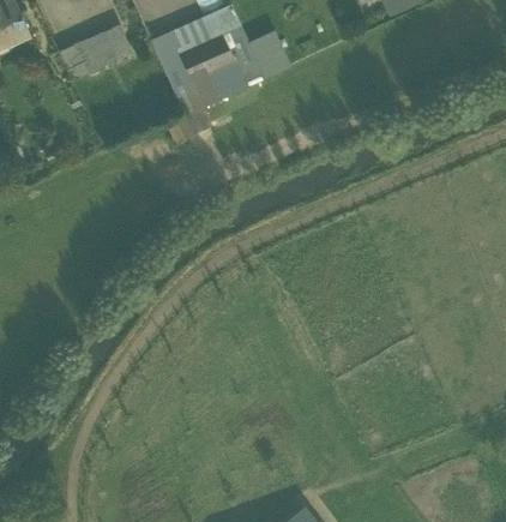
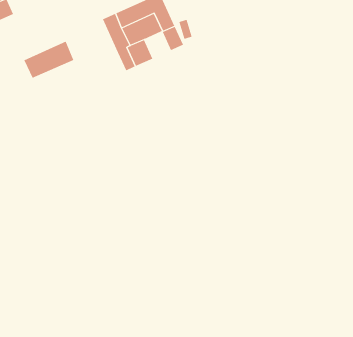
building: [59,25,128,77] -> [23,41,74,79]

